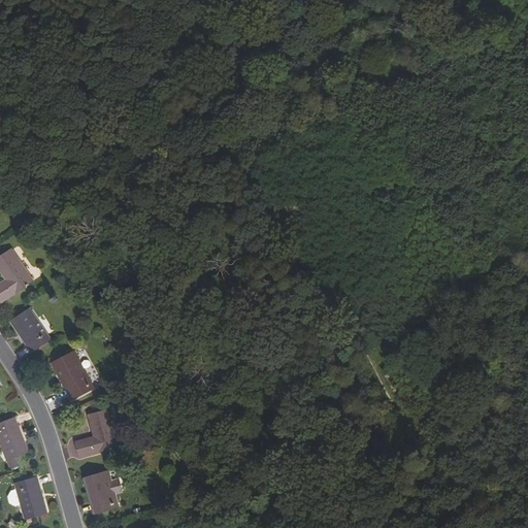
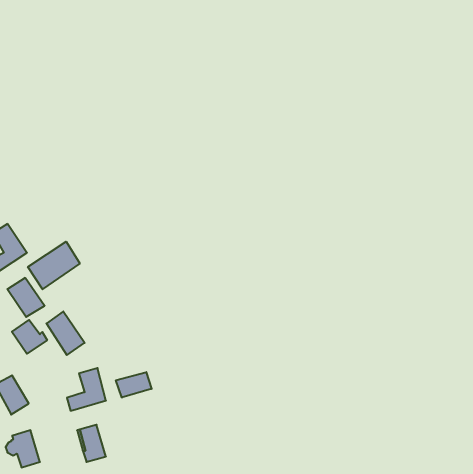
building: none -> [28,242,80,289]
building: none -> [12,320,47,354]
building: none -> [116,372,152,398]

